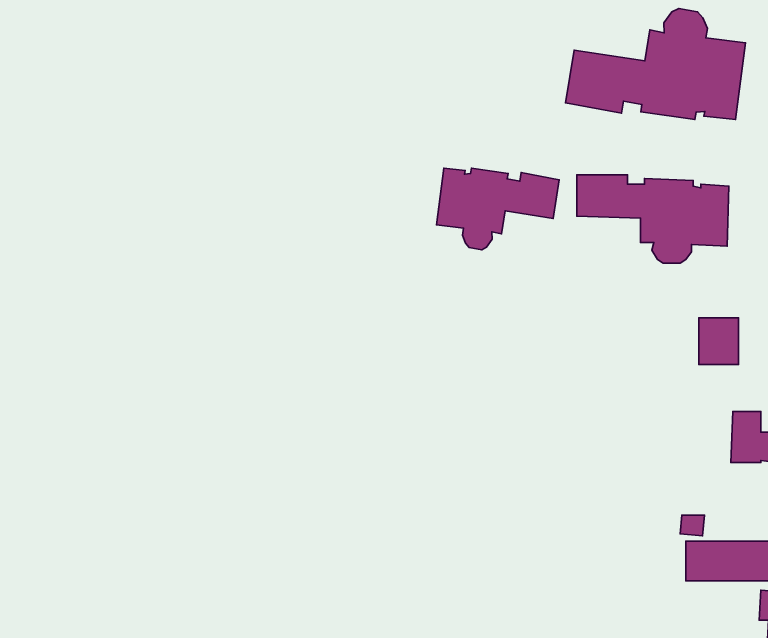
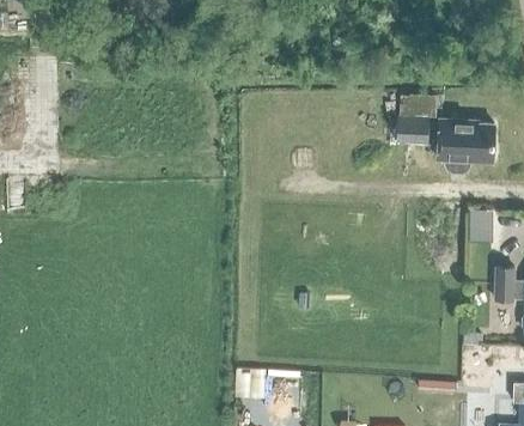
building: [566,8,746,120] -> none
building: [437,168,559,250] -> none

